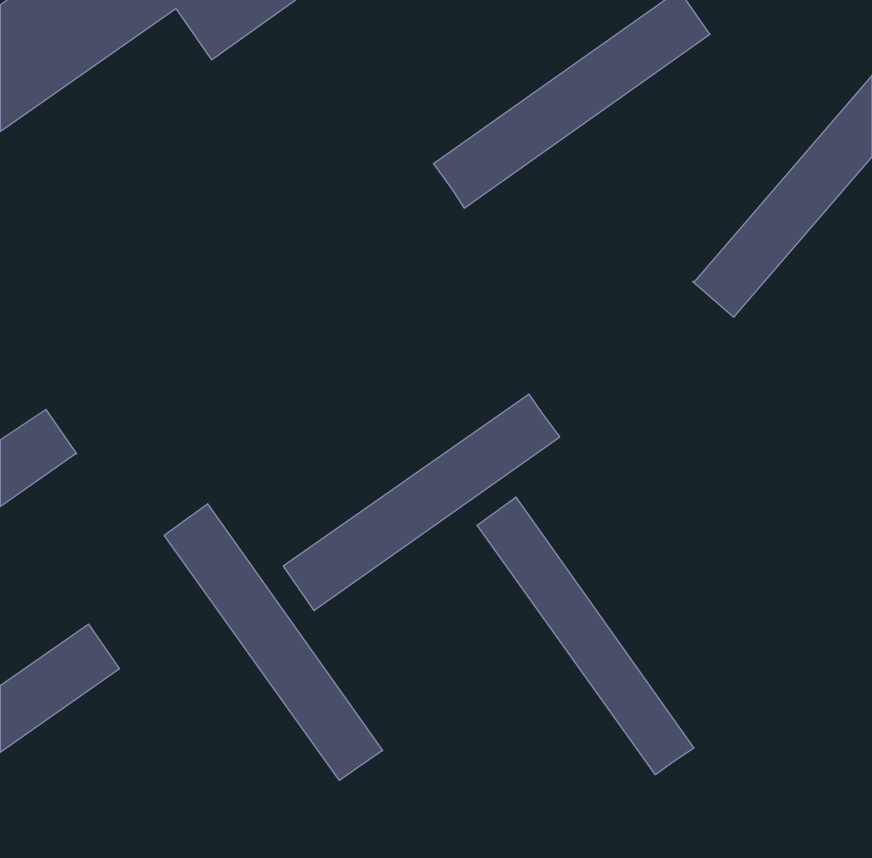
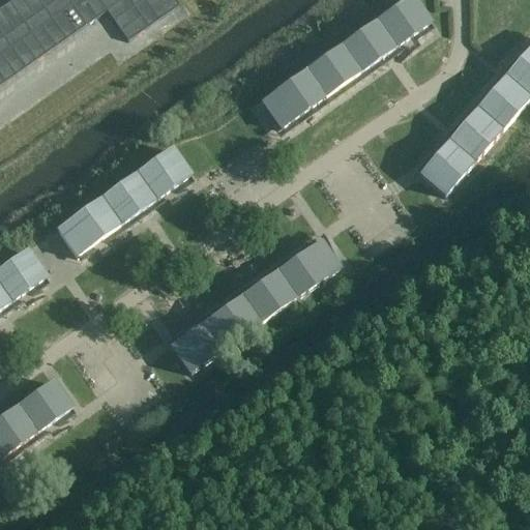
building: none -> [58,147,190,254]
building: [477,497,694,775] -> none
building: [164,504,383,780] -> none

